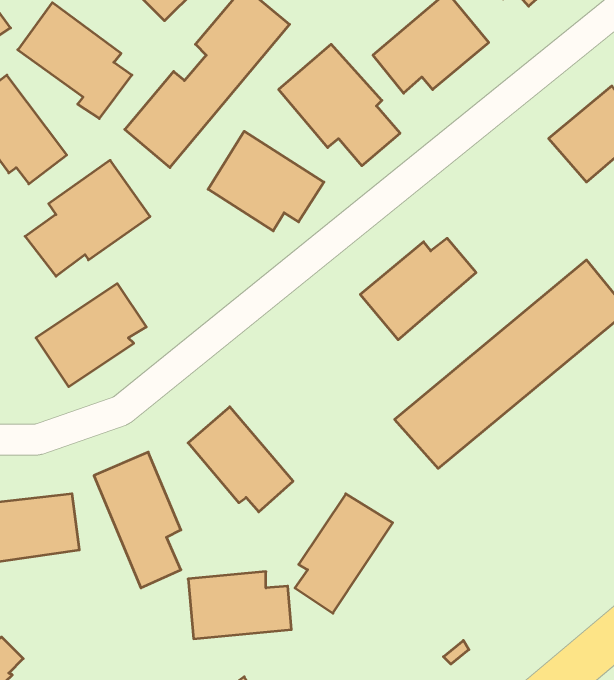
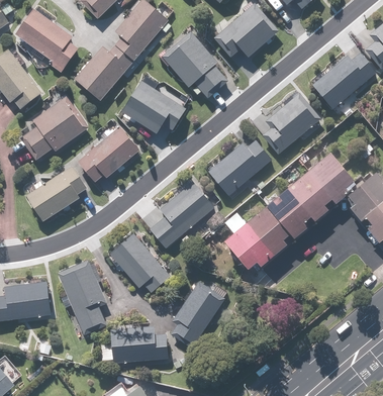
building: none -> [262,94,319,155]
building: none -> [79,126,140,182]
building: none -> [151,182,214,247]

